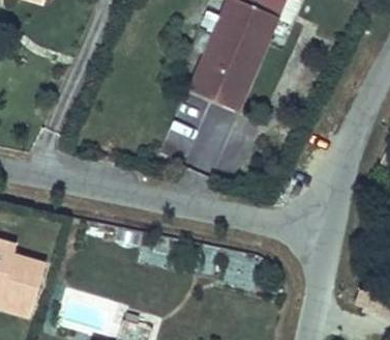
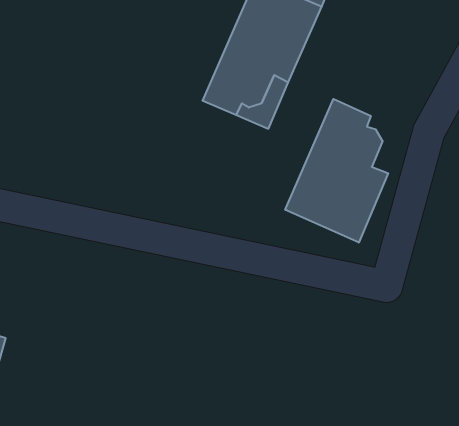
building: none -> [285,99,388,243]

